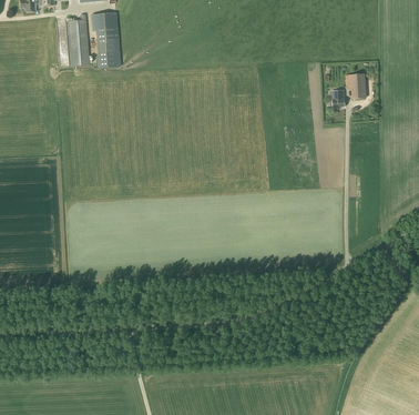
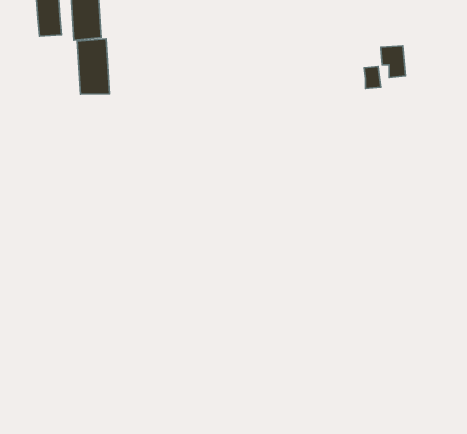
building: none -> [77,39,110,94]

